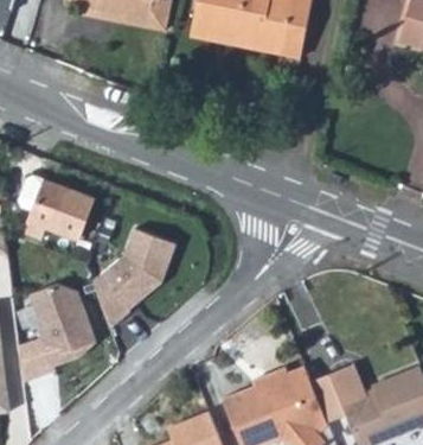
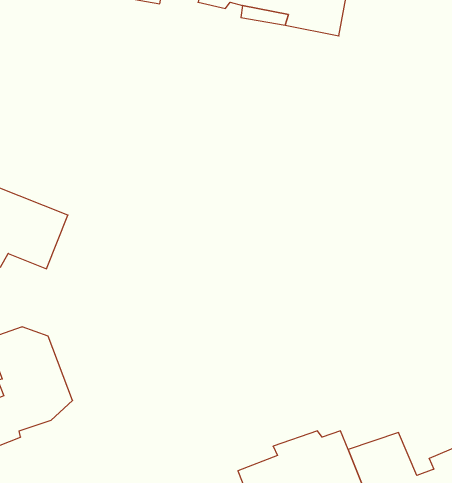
building: [94,227,177,325] -> none

